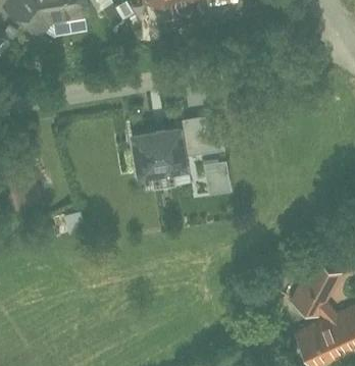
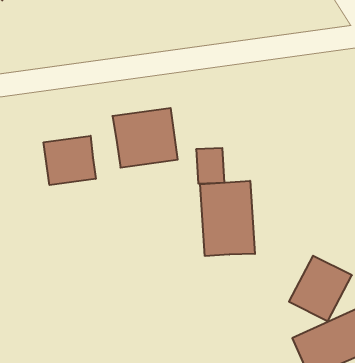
building: none -> [44,136,96,185]
building: none -> [200,181,255,256]

